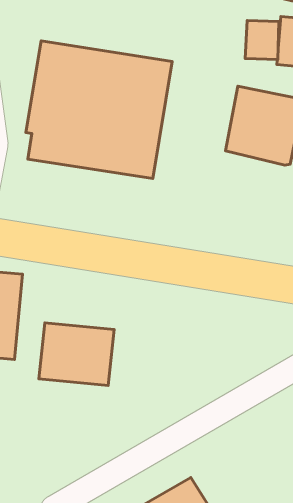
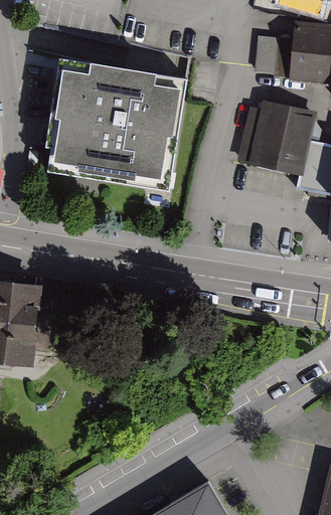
building: [39,323,114,386] -> none

